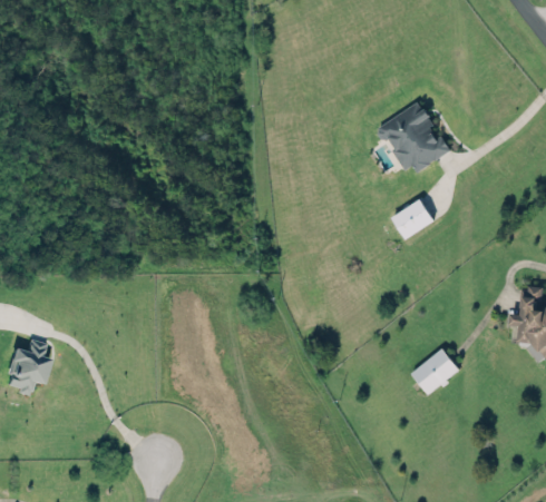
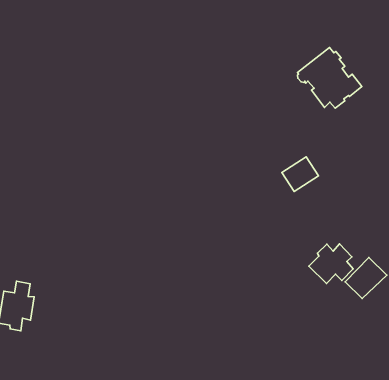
building: [393,200,436,239] -> [282,157,319,192]
building: none -> [309,244,353,283]

